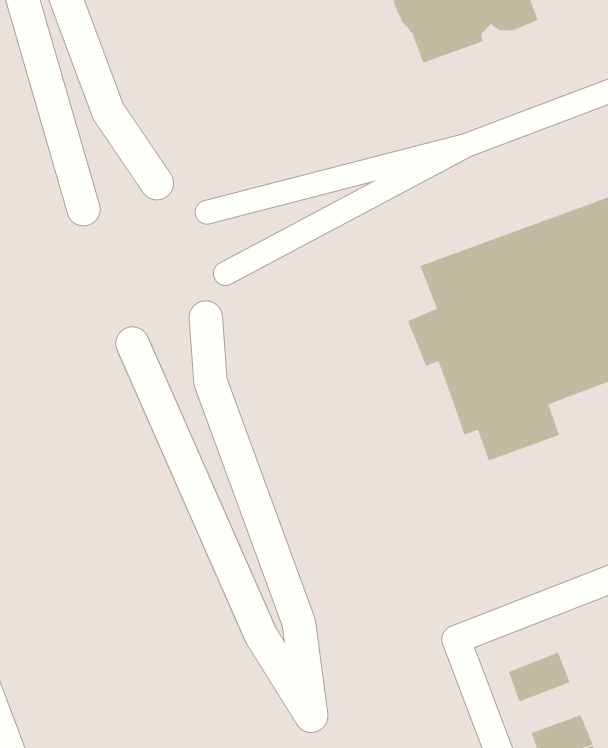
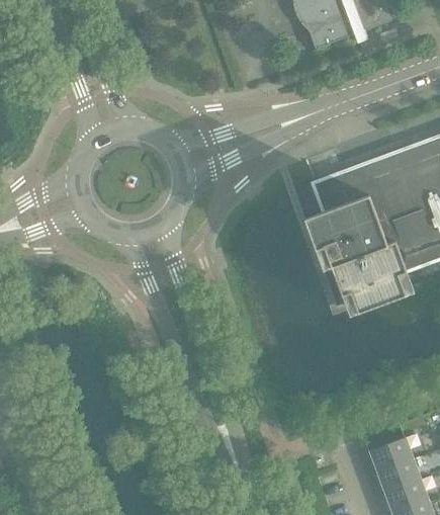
building: none -> [378,460,420,494]

